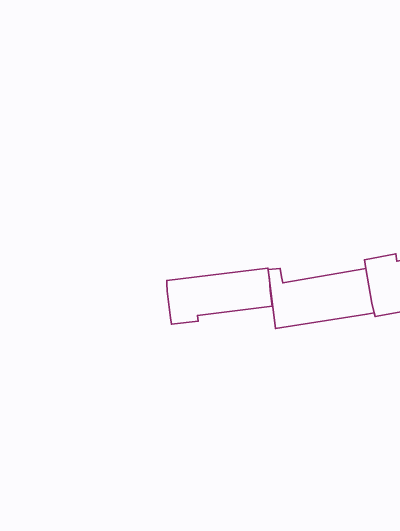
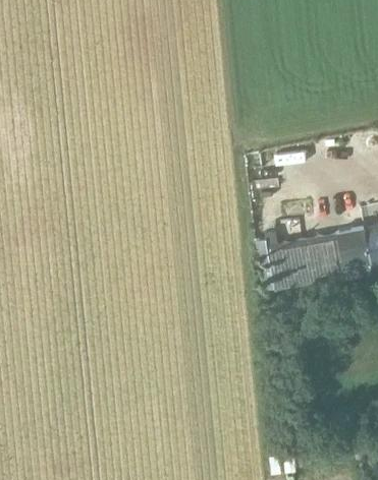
building: [167,268,272,324] -> none

